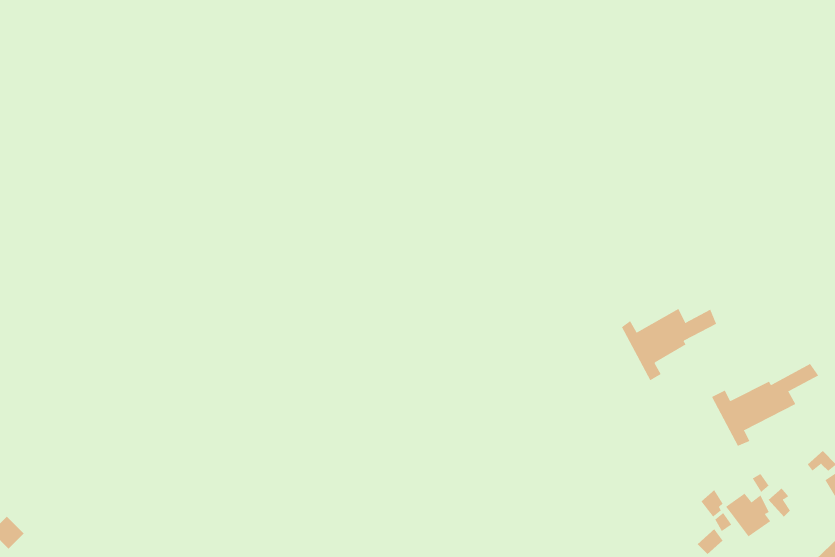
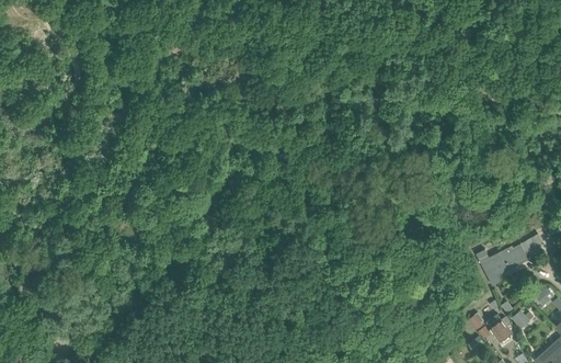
building: [621,308,717,381] -> none

